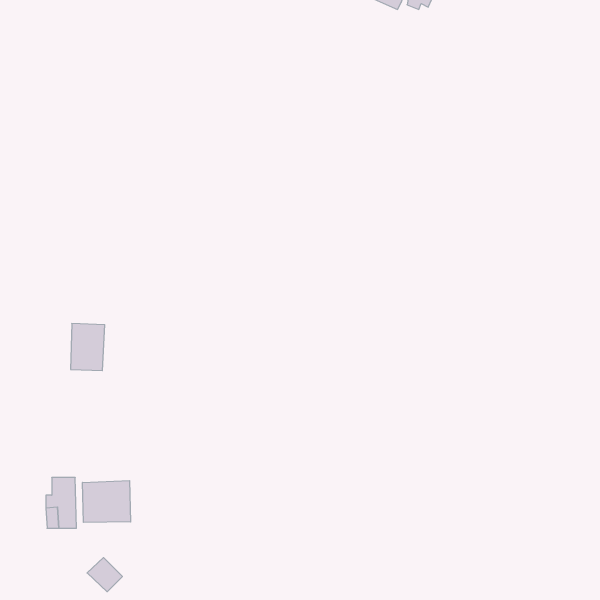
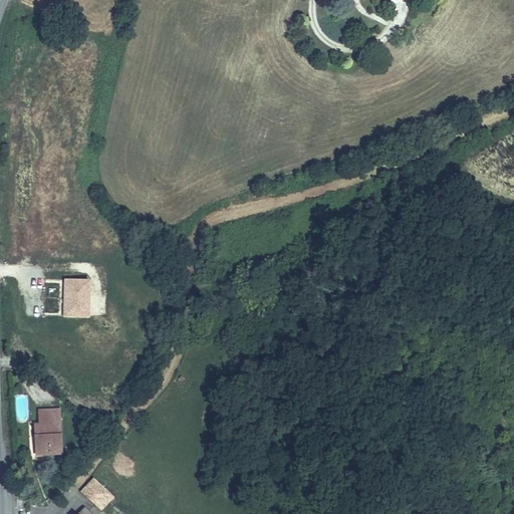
building: [83,481,131,522] -> none

